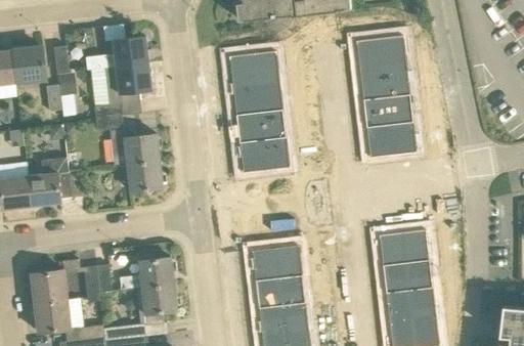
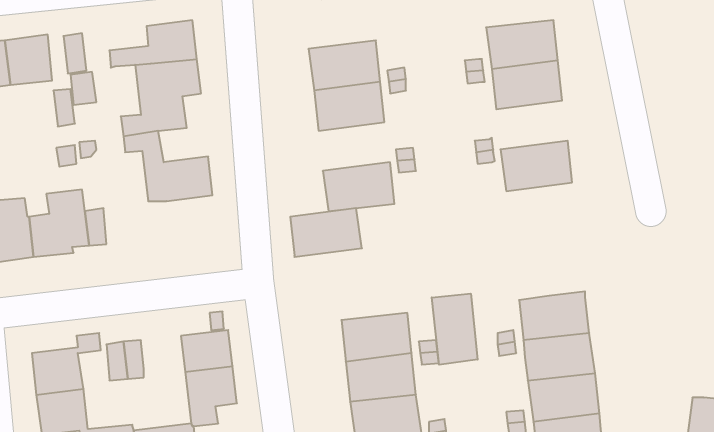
building: [362,93,413,128] -> none
building: [235,109,287,143] -> [290,208,362,257]
building: [127,161,163,190] -> none
building: none -> [432,294,478,365]

